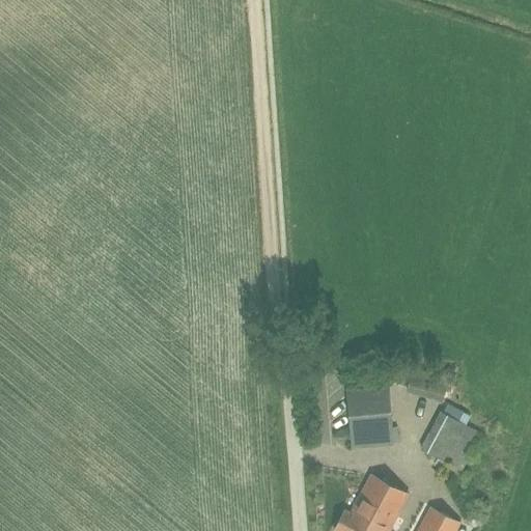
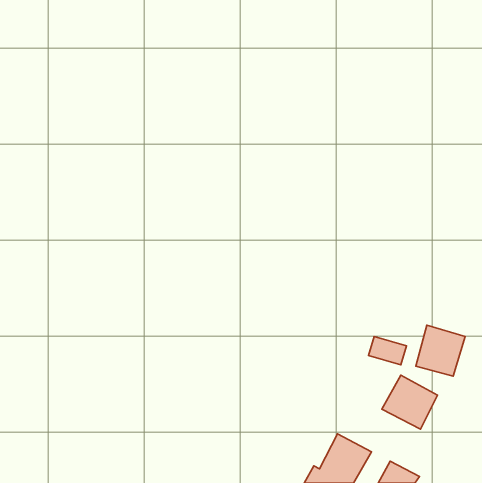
building: none -> [416,325,465,376]
building: [345,387,391,448] -> none

